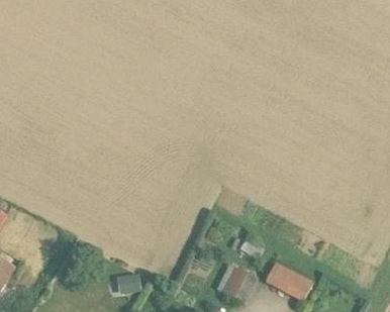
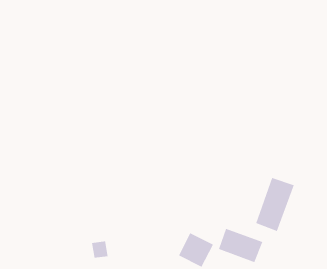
building: none -> [255,177,294,232]

